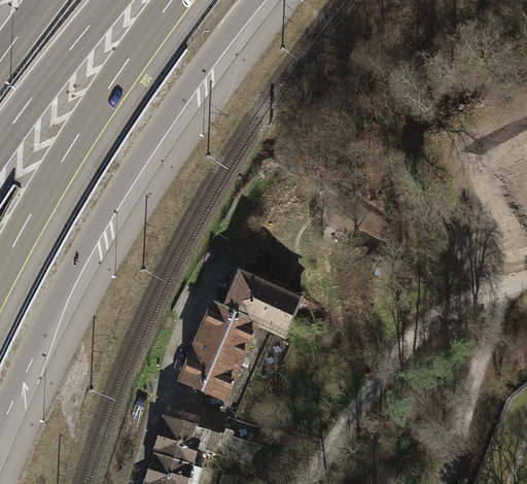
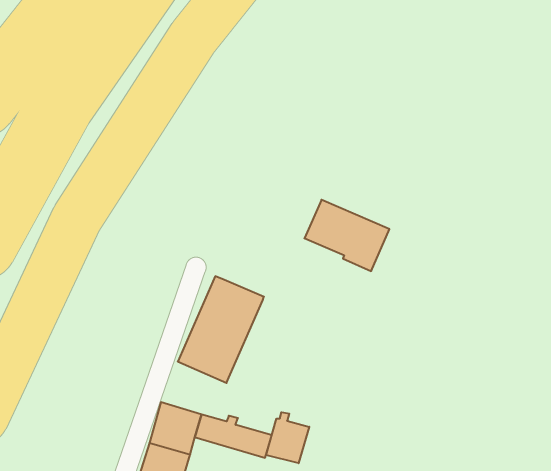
building: [222,270,300,335] -> [304,200,389,271]
building: none -> [266,412,309,463]

